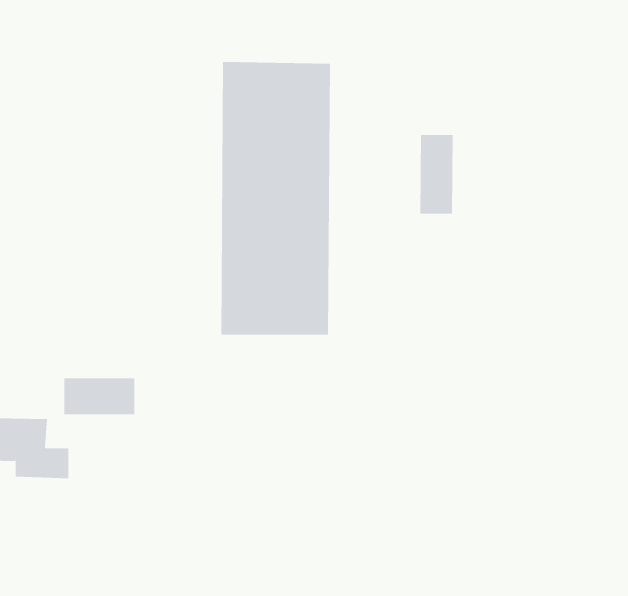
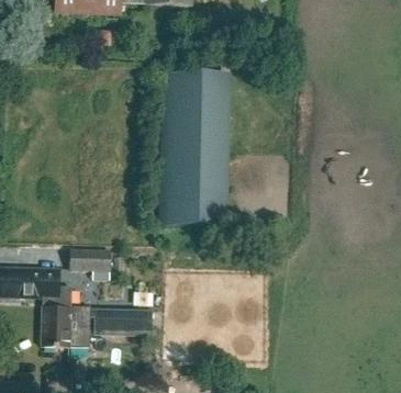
building: [420,134,453,215] -> none
building: none -> [43,305,155,347]

